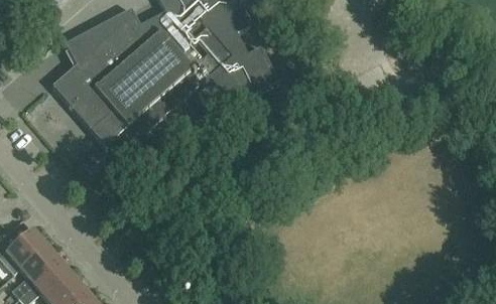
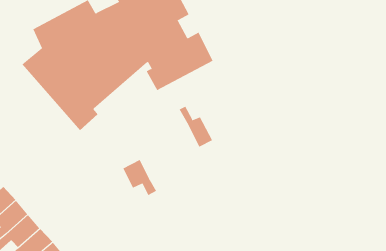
building: none -> [179,106,213,148]
building: none -> [123,159,157,196]

